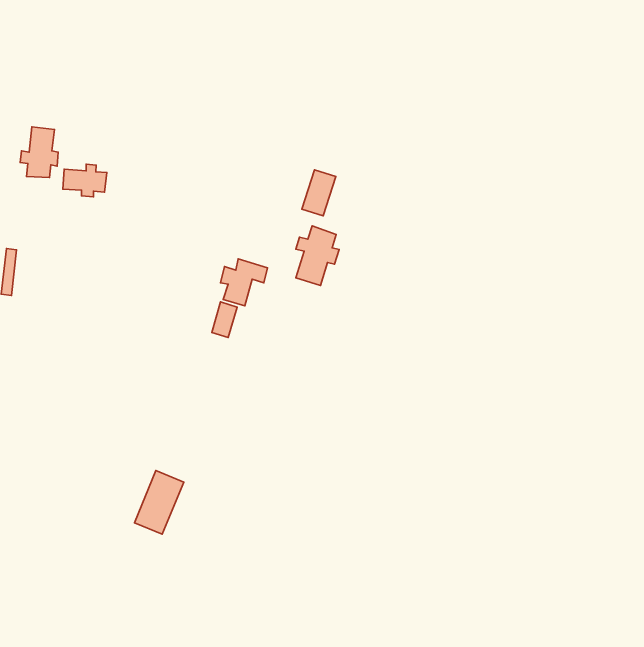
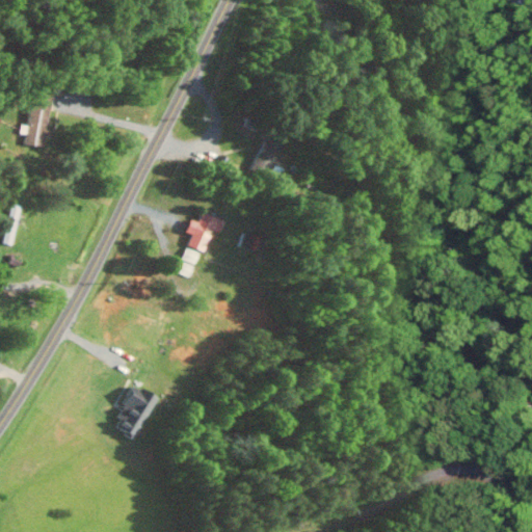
building: [63,164,107,197] -> none
building: [296,226,339,285] -> none

